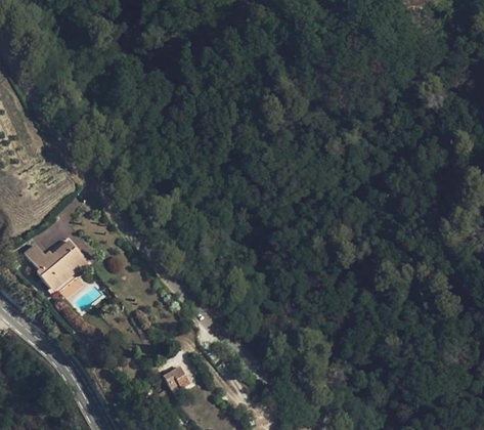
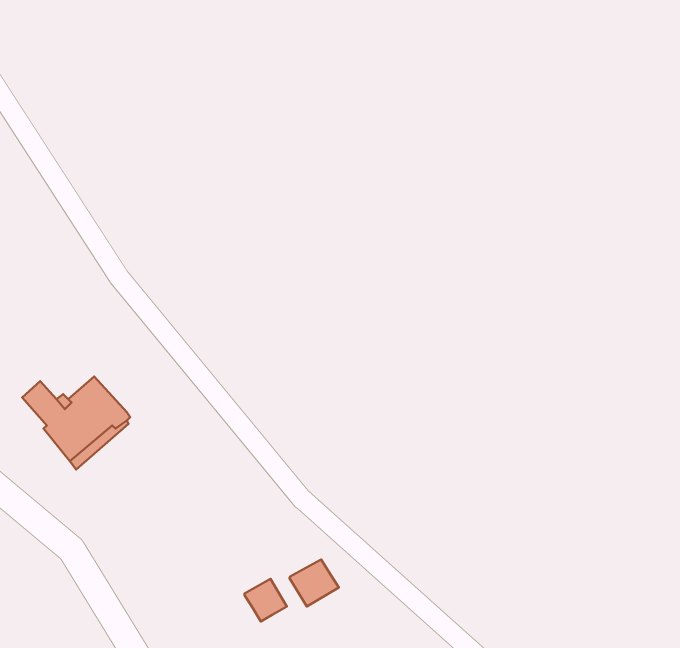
building: none -> [289,559,339,606]

